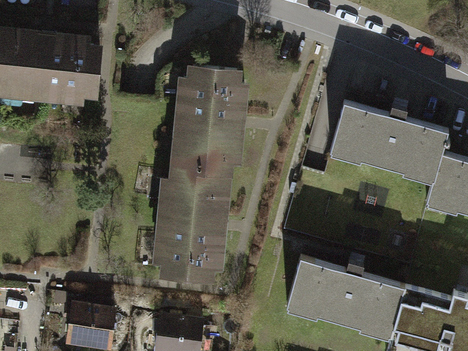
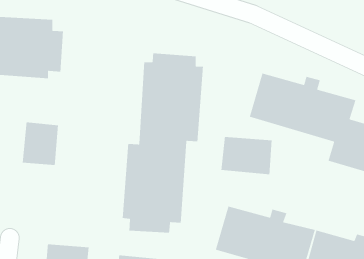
building: none -> [22,122,59,166]
building: none -> [221,136,273,175]

